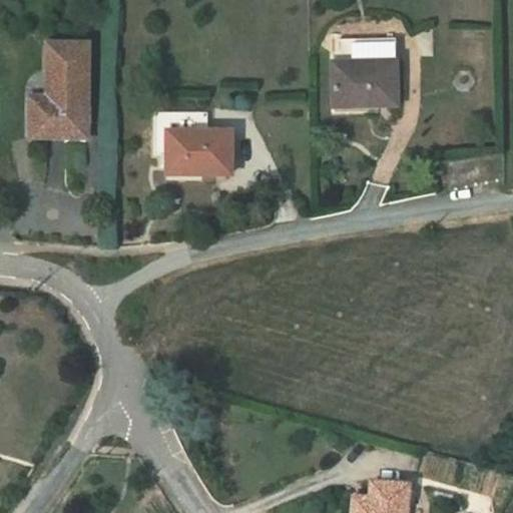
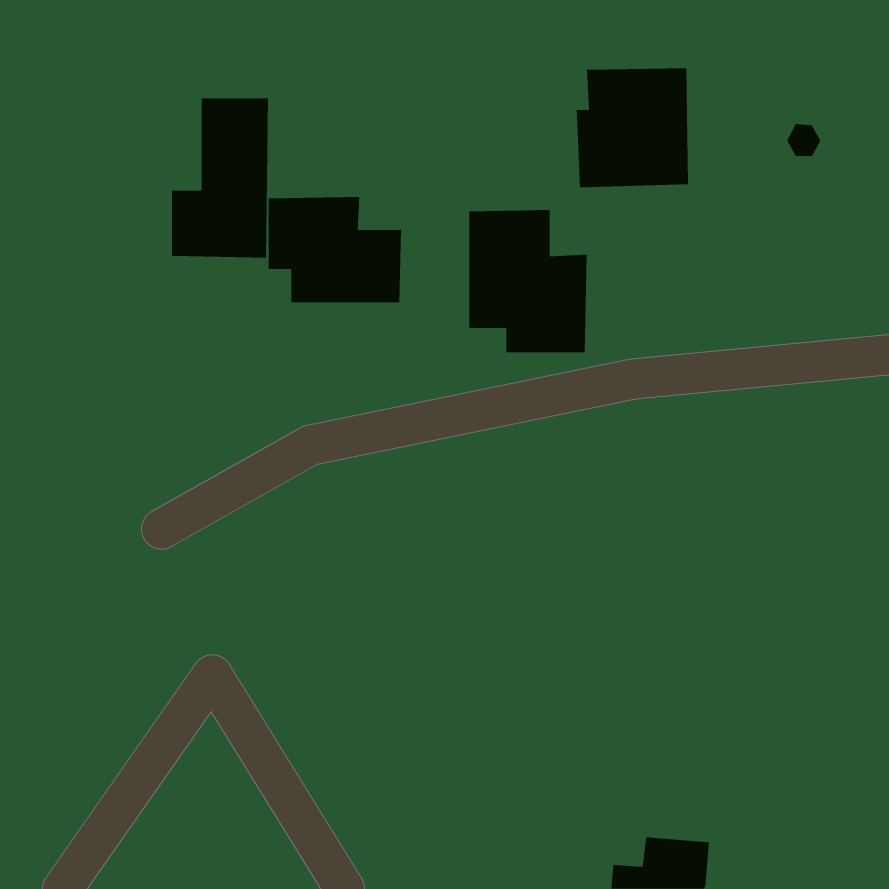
building: [31,45,87,137] -> [171,98,269,258]
building: none -> [469,209,587,353]

